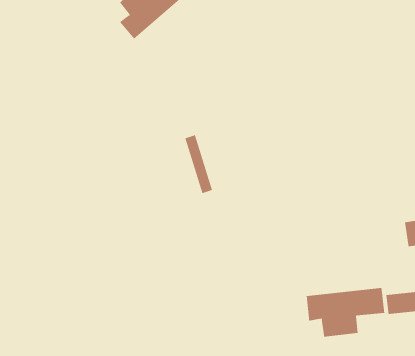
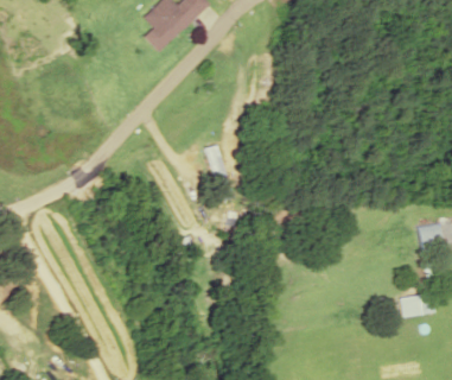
building: [306,287,385,337] -> none

